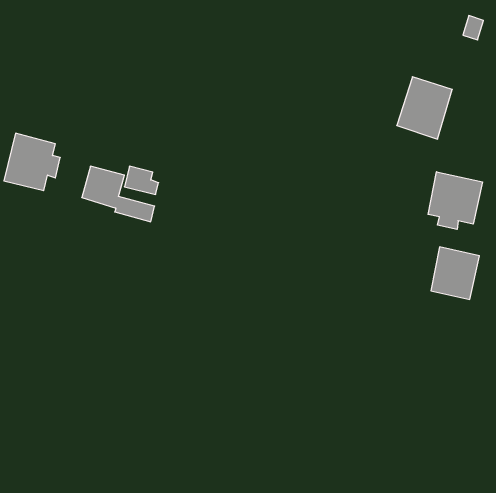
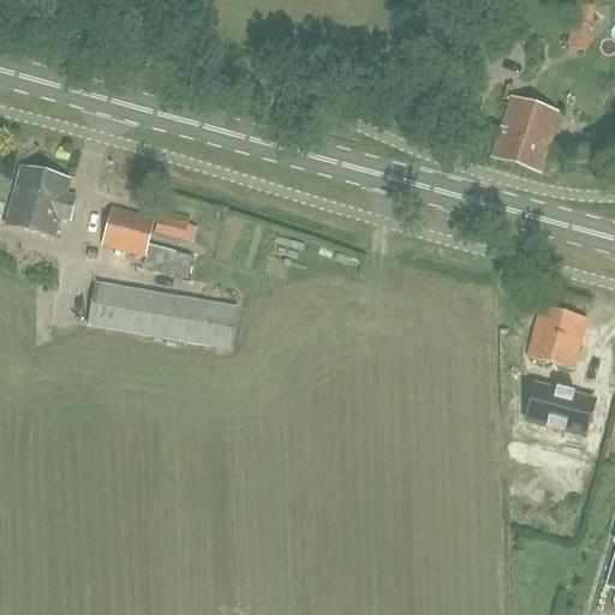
building: [428,172,482,229] -> none
building: none -> [88,279,237,346]
building: none -> [526,382,592,434]

